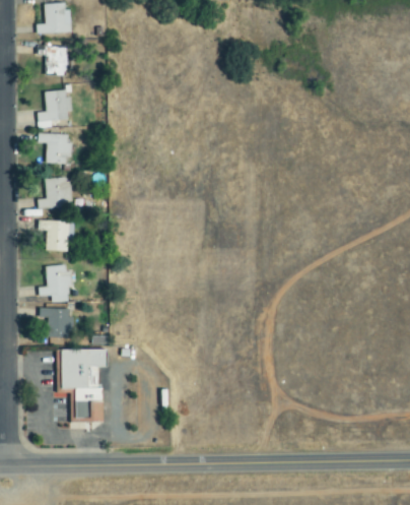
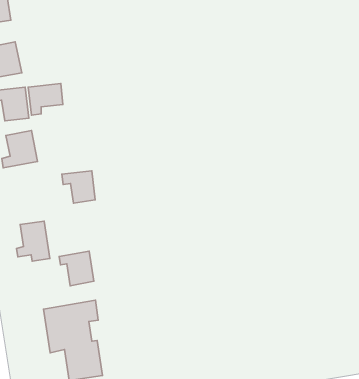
building: none -> [28,83,63,115]
building: [40,220,69,250] -> [62,171,95,203]
building: [42,308,71,338] -> [59,251,94,286]

